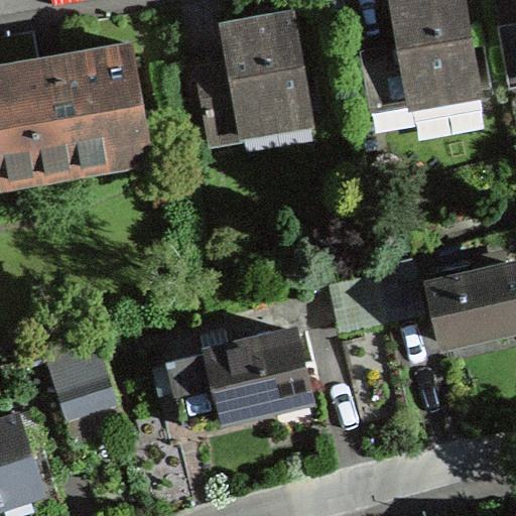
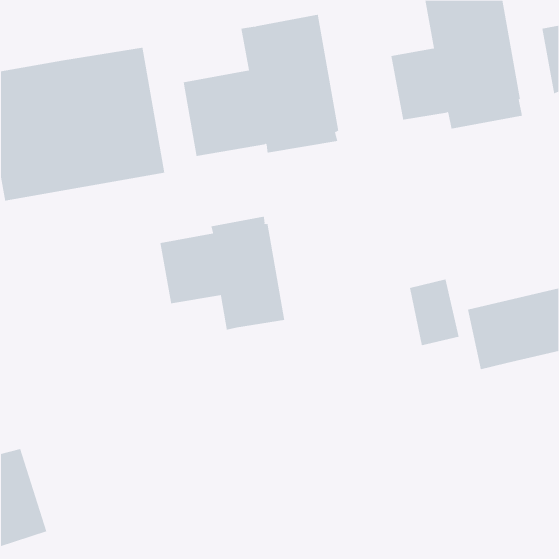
building: none -> [160,216,285,330]
building: [168,330,306,424] -> none
building: [46,338,118,417] -> none

